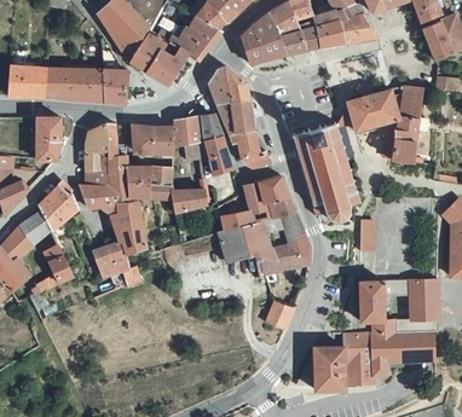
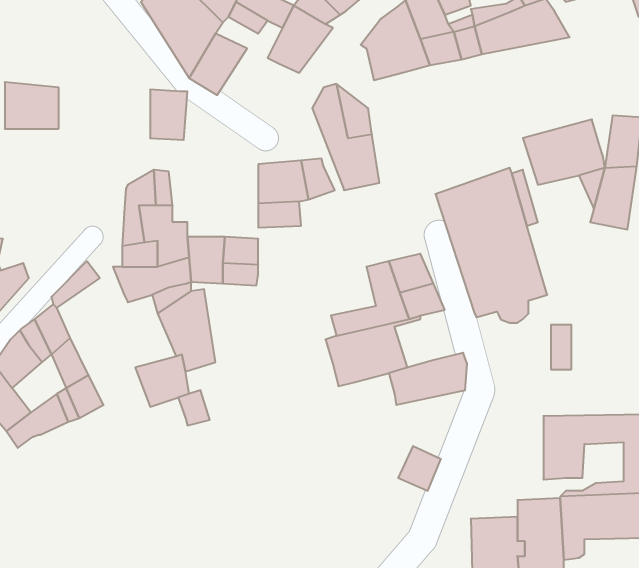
building: [148,44,187,86] -> none
building: [45,69,104,102] -> none
building: [37,116,62,160] -> none
building: [133,124,174,152] -> none
building: [230,131,268,167] -> none
building: [207,135,233,176] -> none
building: [173,190,207,212] -> none
building: [44,192,79,231] -> none
building: [279,213,307,245] -> none

